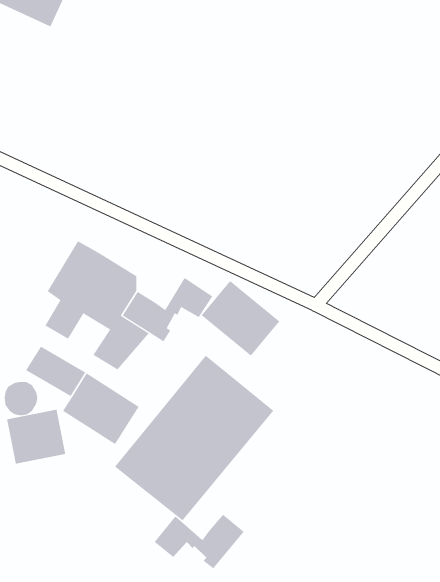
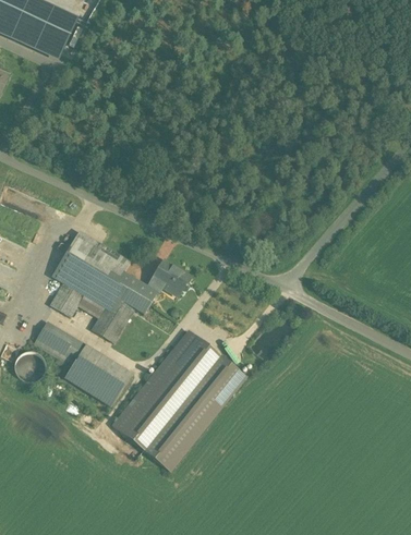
building: [201,280,280,356] -> none
building: [7,409,66,465] -> none
building: [154,514,244,569] -> none

